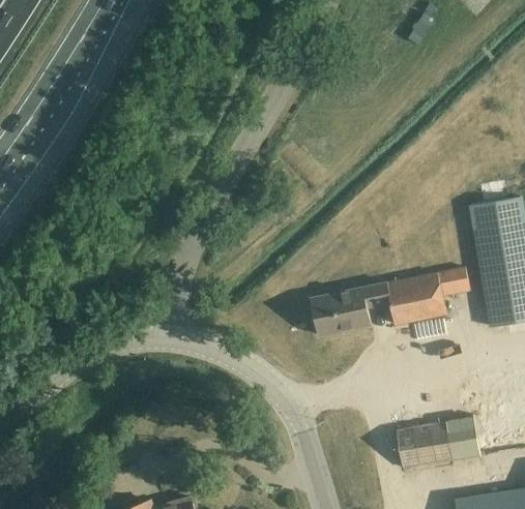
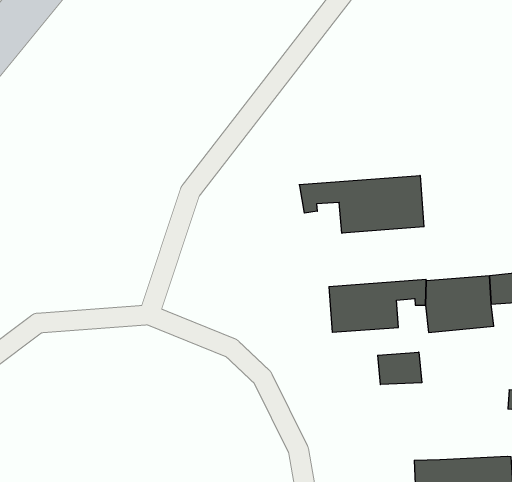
building: none -> [299,175,424,233]
building: none -> [378,352,422,385]

